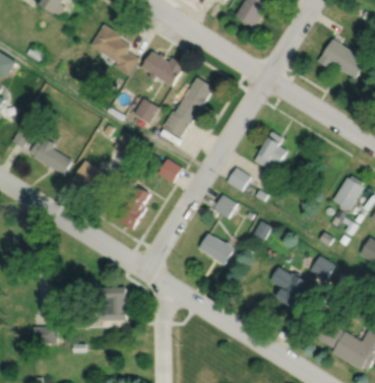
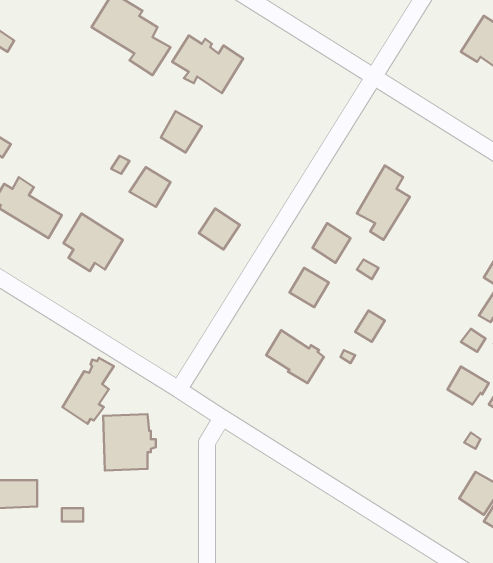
building: [162,77,213,139] -> none
building: [118,190,149,231] -> [63,358,114,424]
building: [269,267,309,308] -> none

